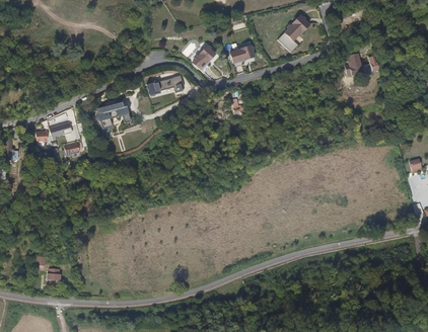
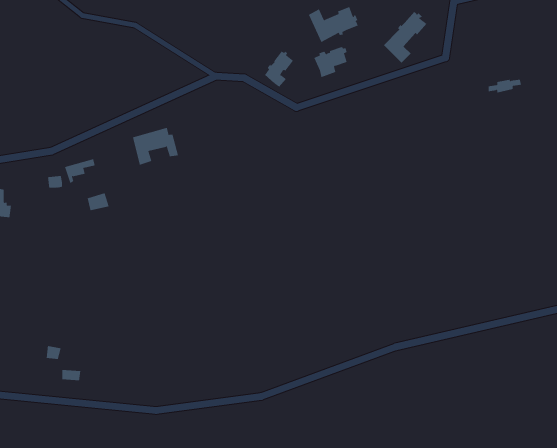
building: none -> [308,6,358,43]
building: [147,74,186,92] -> none

